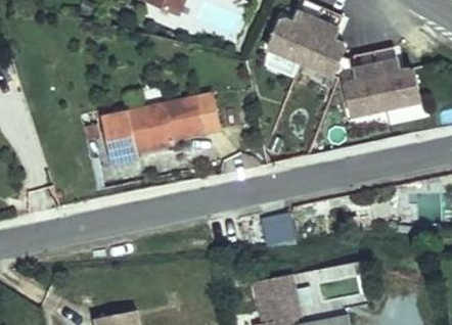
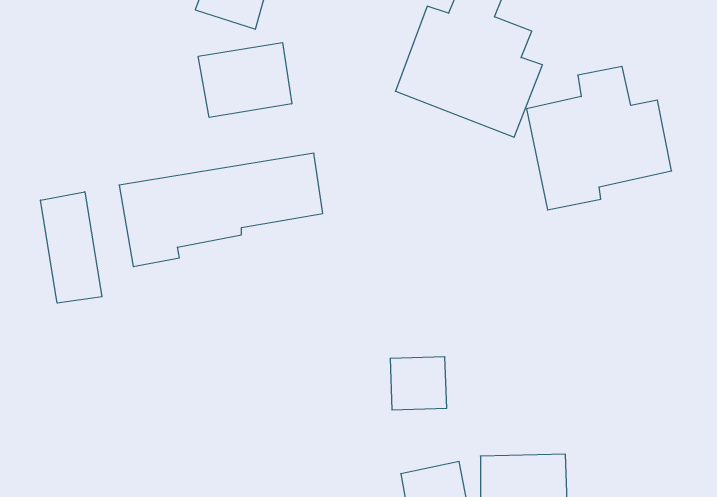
building: none -> [198,43,292,117]
building: none -> [41,192,102,303]

